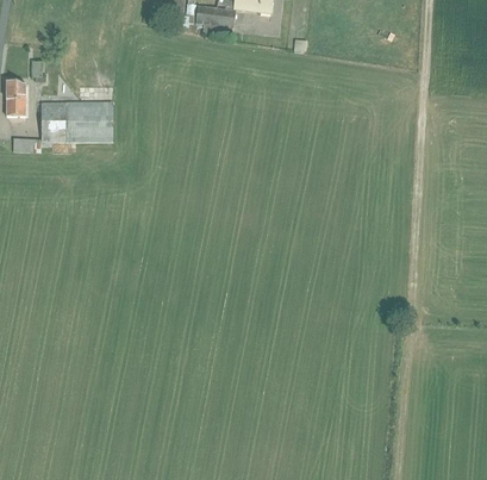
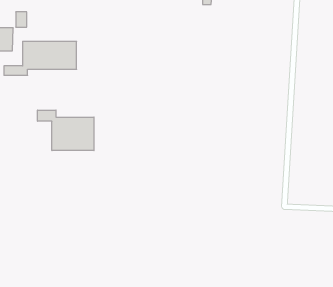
building: none -> [38,110,94,151]

